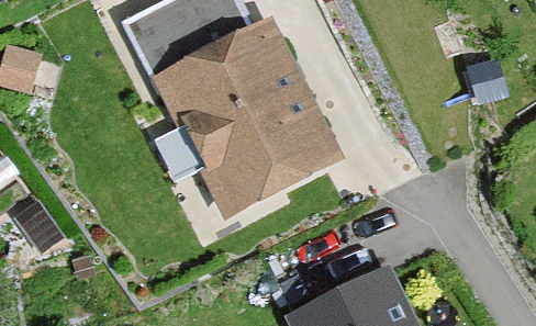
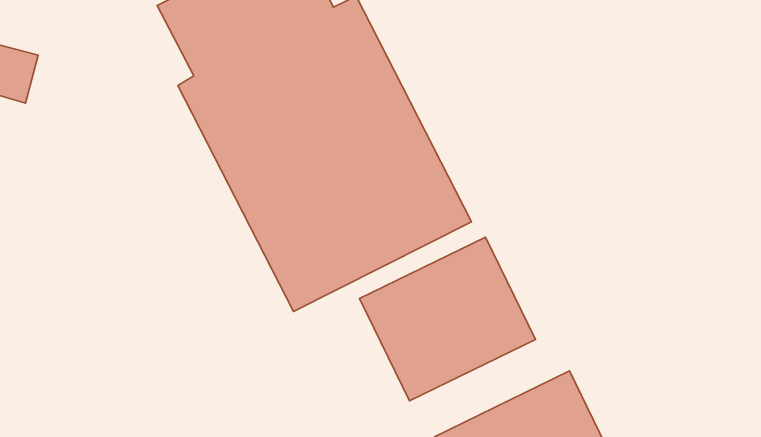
building: none -> [360,237,535,401]

